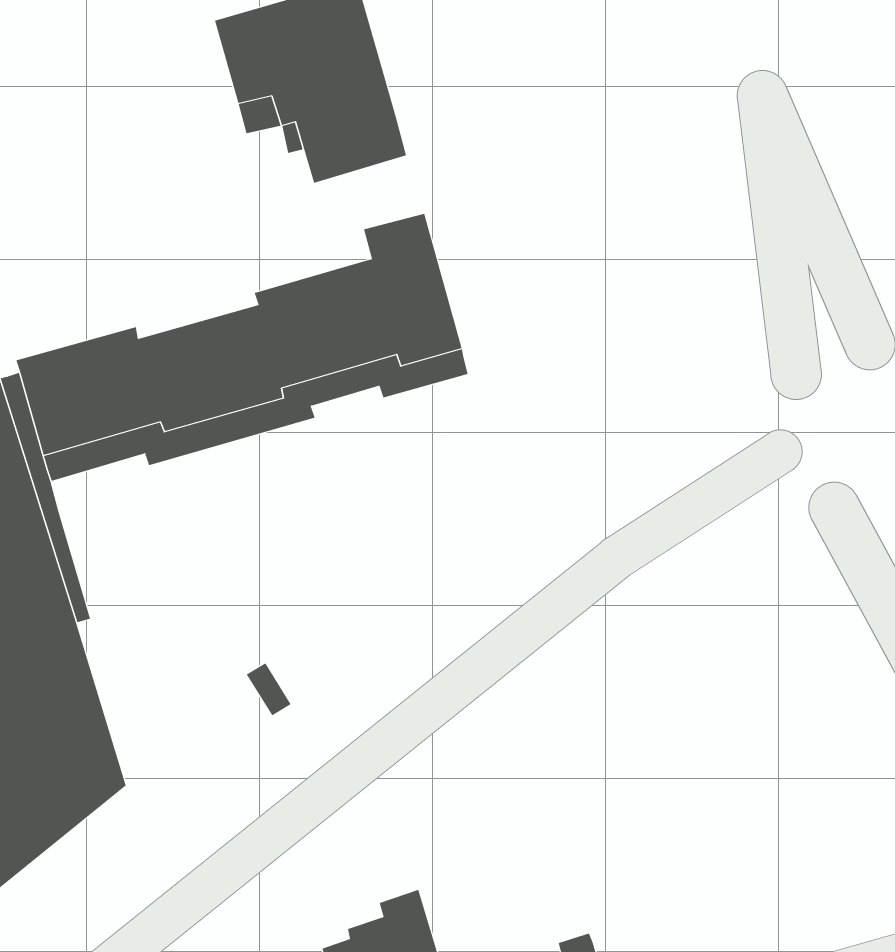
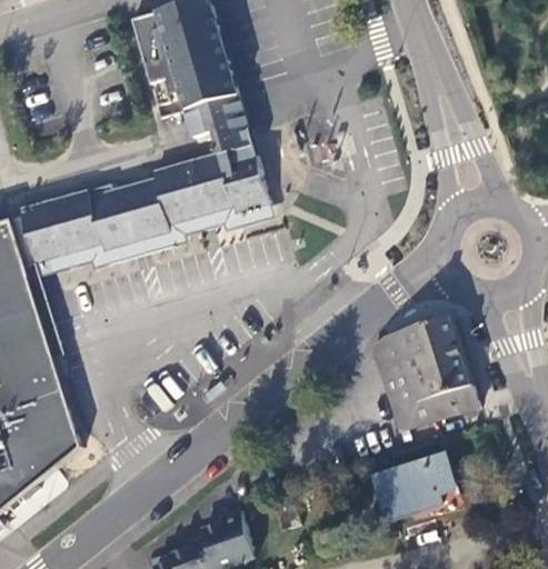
building: none -> [182,94,245,138]
building: none -> [371,313,477,426]
building: none -> [370,452,458,518]

